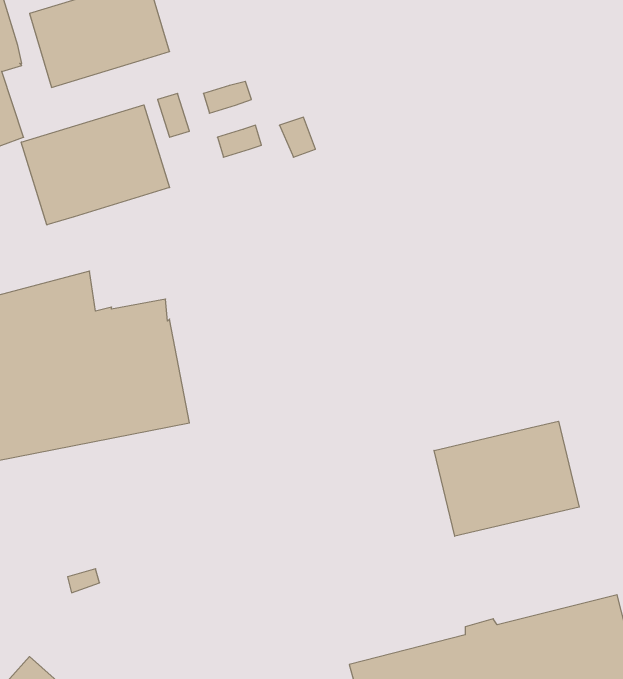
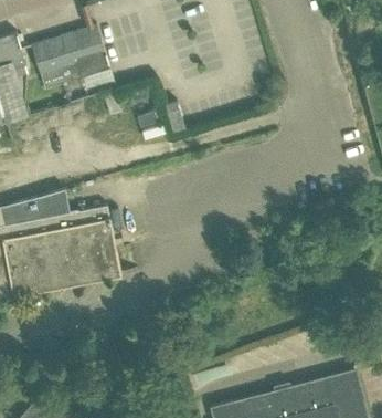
building: [21,105,170,225] -> none
building: [434,421,579,536] -> none

